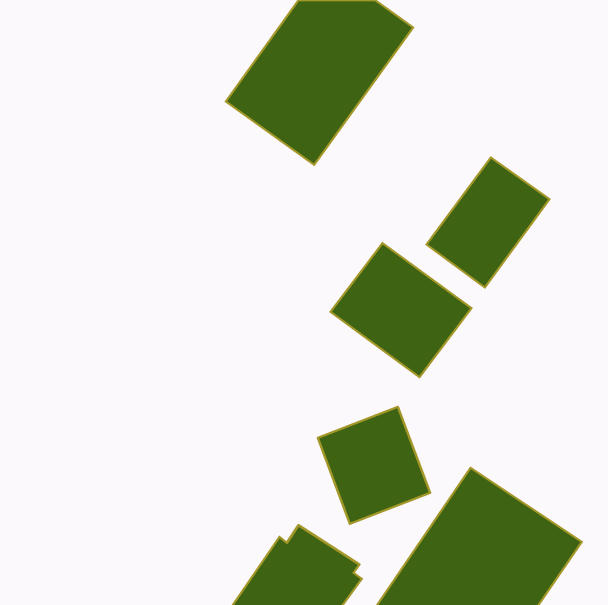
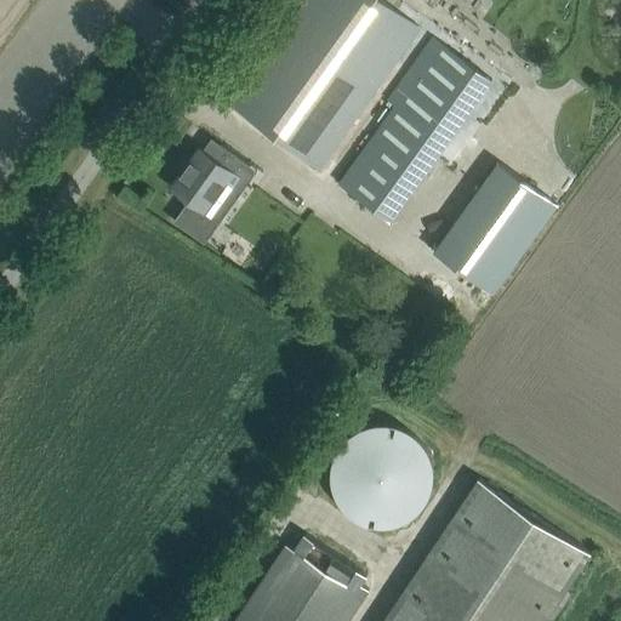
building: none -> [340,41,490,222]
building: none -> [169,148,246,240]
building: [331,243,471,377] -> none

